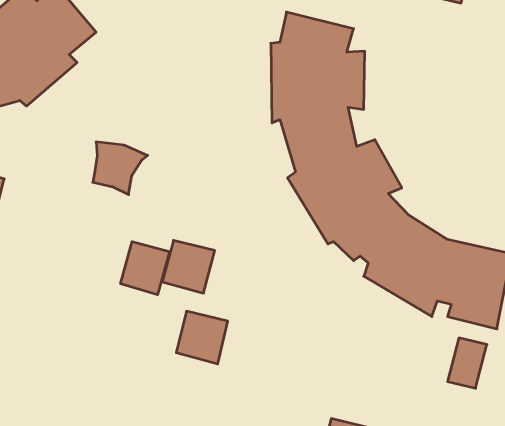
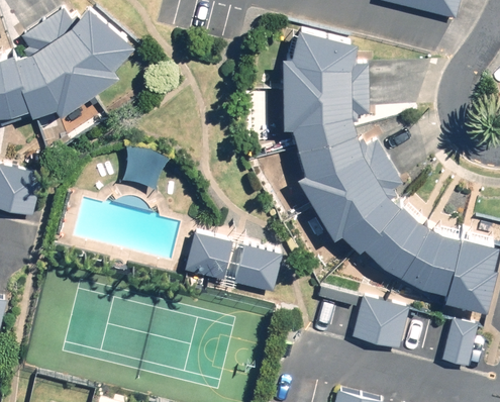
building: [121,242,169,295] -> none
building: [176,311,228,364] -> [235,245,282,293]
building: none -> [353,297,409,349]

